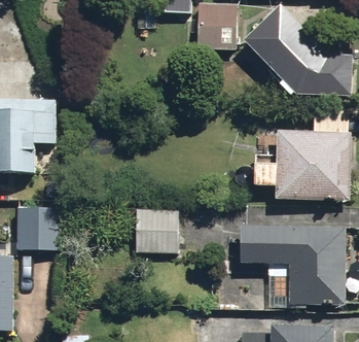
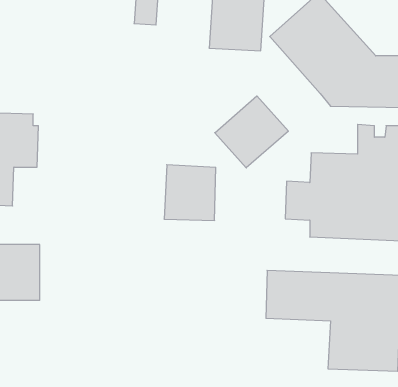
building: none -> [215,96,288,168]
building: [136,207,177,251] -> [164,165,216,220]

